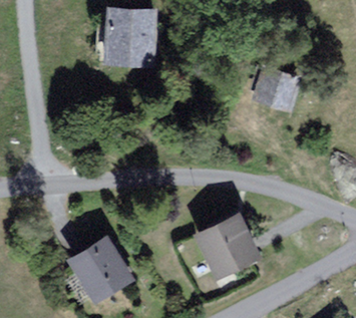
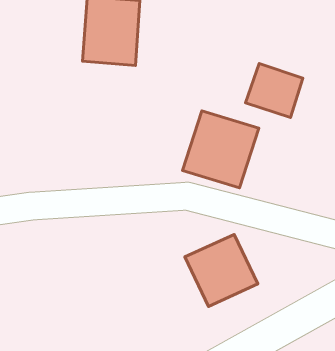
building: none -> [182,111,259,188]
building: [67,235,130,301] -> none

